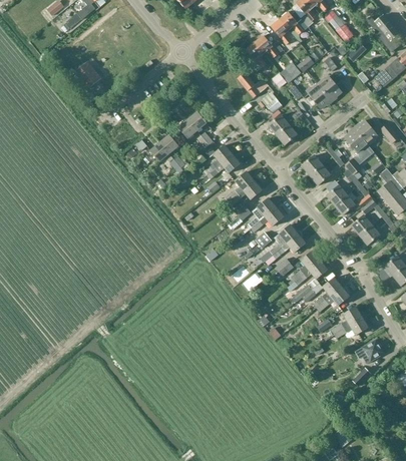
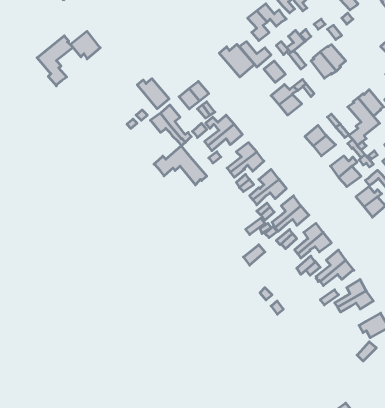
building: none -> [37,36,73,86]
building: none -> [219,44,255,77]
building: none -> [137,79,169,109]
building: none -> [154,146,207,185]

